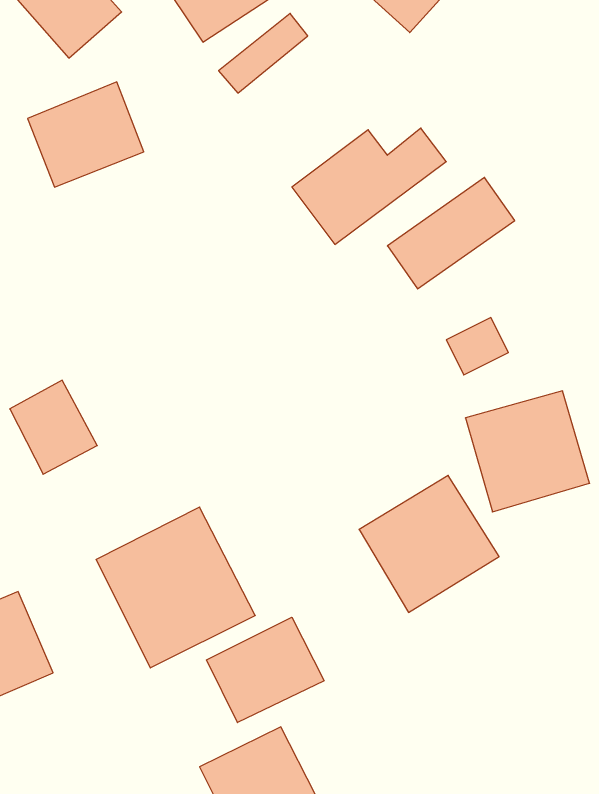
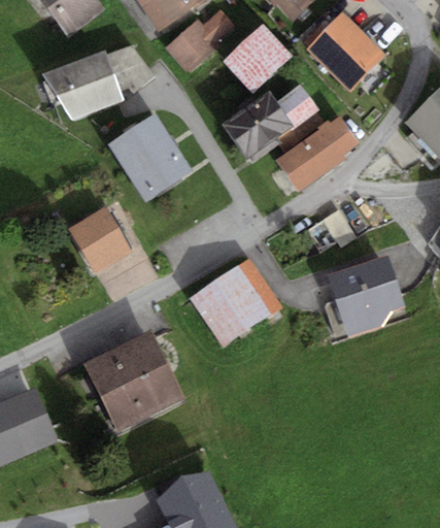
building: none -> [306,14,383,92]
building: none -> [225,26,290,90]
building: none -> [109,112,193,199]
building: [10,380,97,474] -> [74,212,131,273]
building: [359,475,499,612] -> [193,257,283,345]
building: [206,617,324,723] -> none

